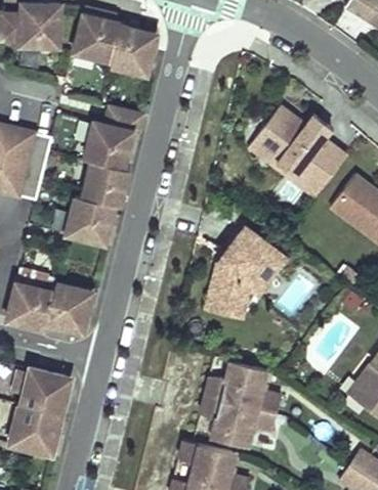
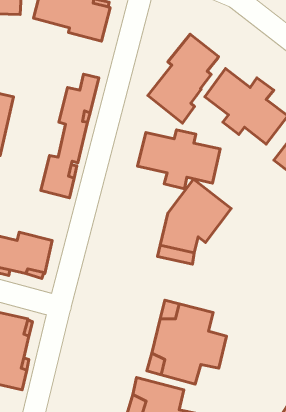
building: none -> [148,34,218,123]
building: none -> [137,130,220,189]

